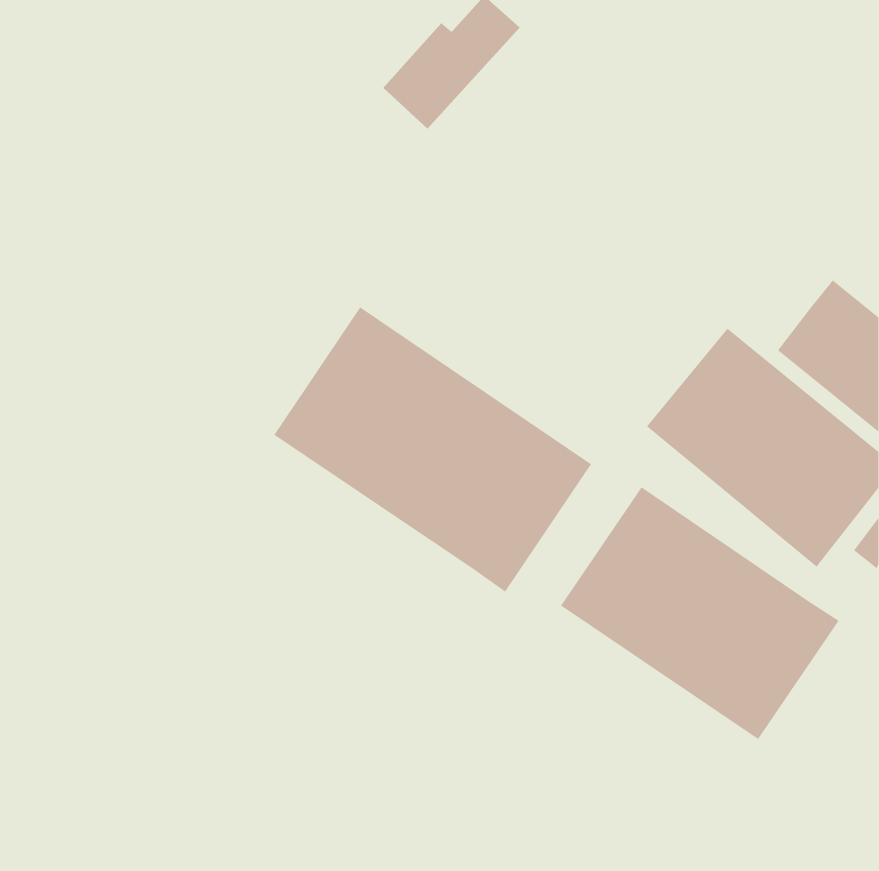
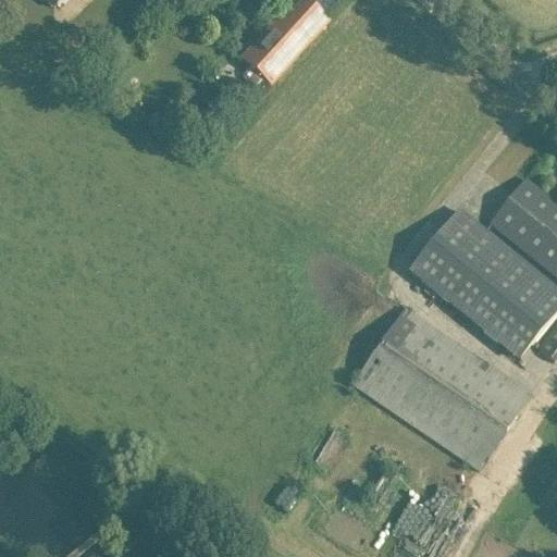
building: [273,307,592,592] -> none

